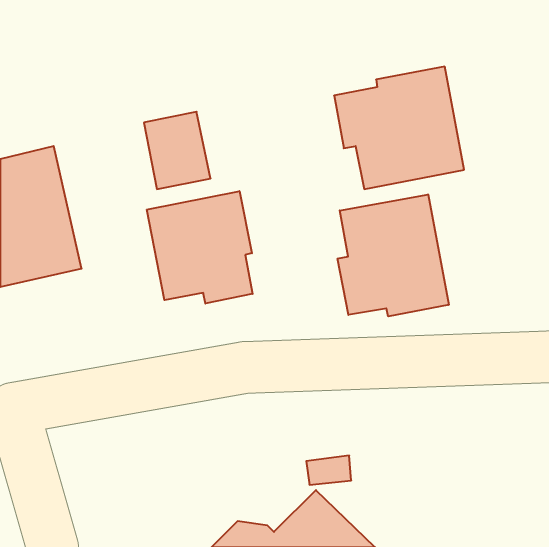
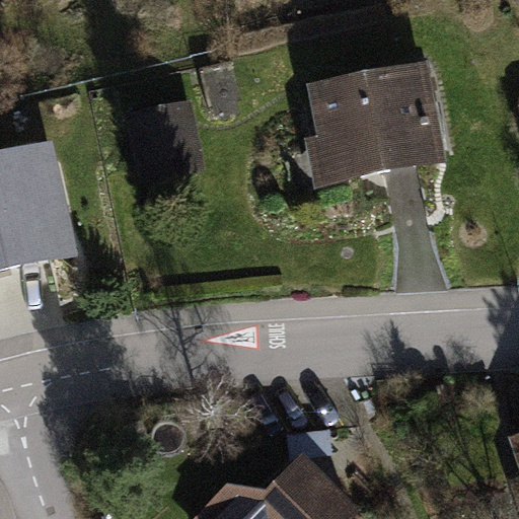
building: [147,191,253,304] -> none
building: [338,194,449,316] -> none

